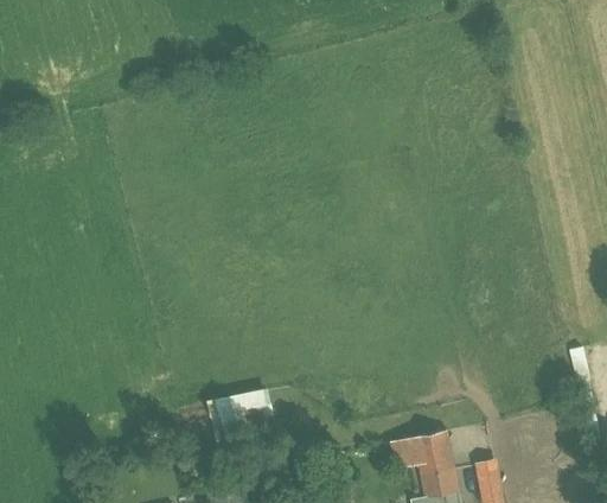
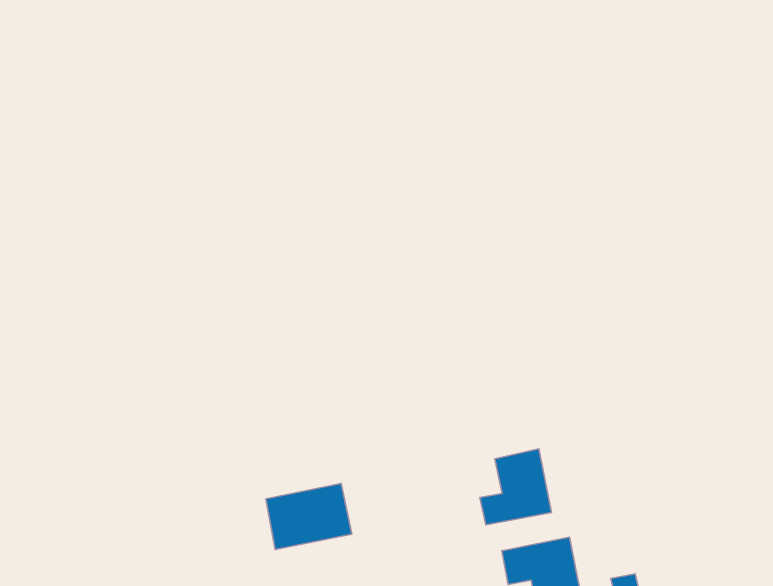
building: none -> [480,449,551,525]

